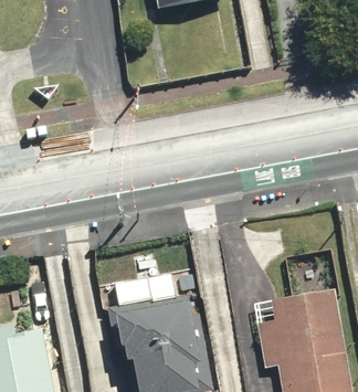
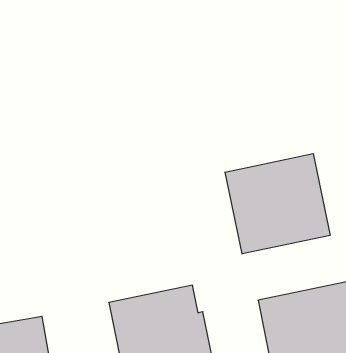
building: none -> [225,154,330,254]

